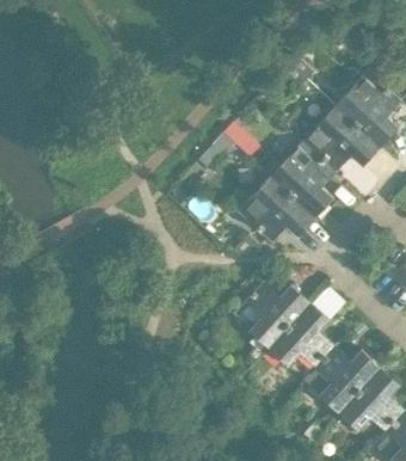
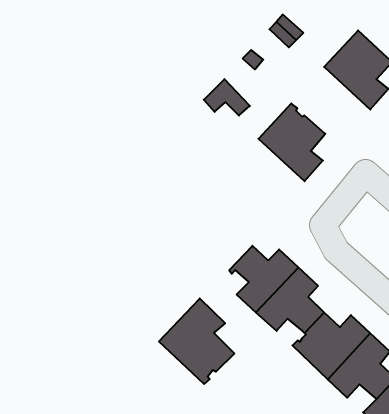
building: [302,105,380,171] -> none
building: [246,176,315,242] -> none
building: none -> [159,298,234,384]

